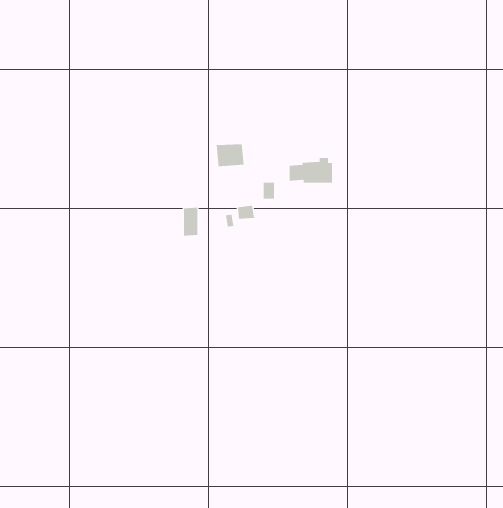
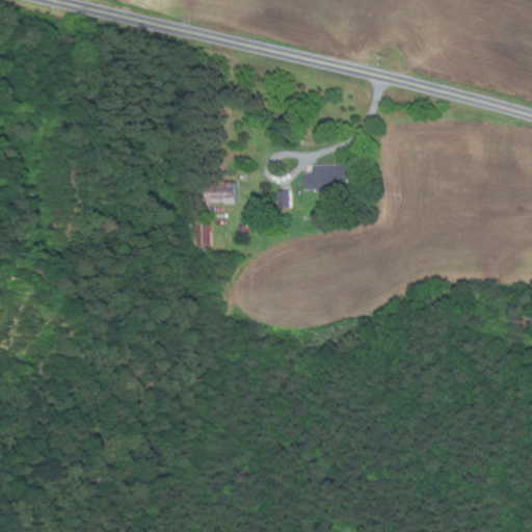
building: [216,144,245,167] -> [206,181,236,205]

